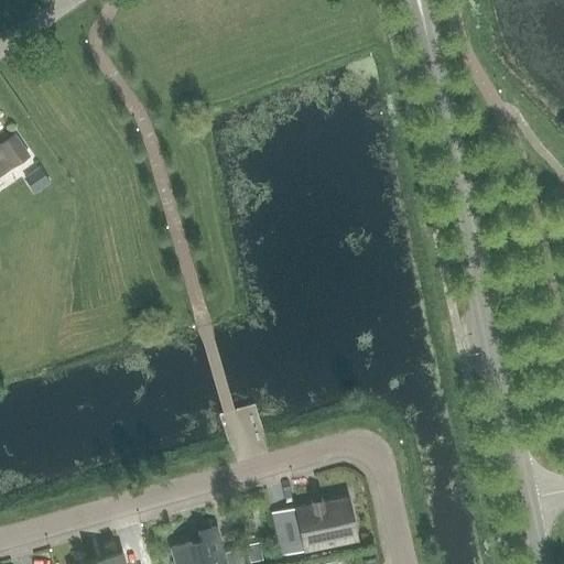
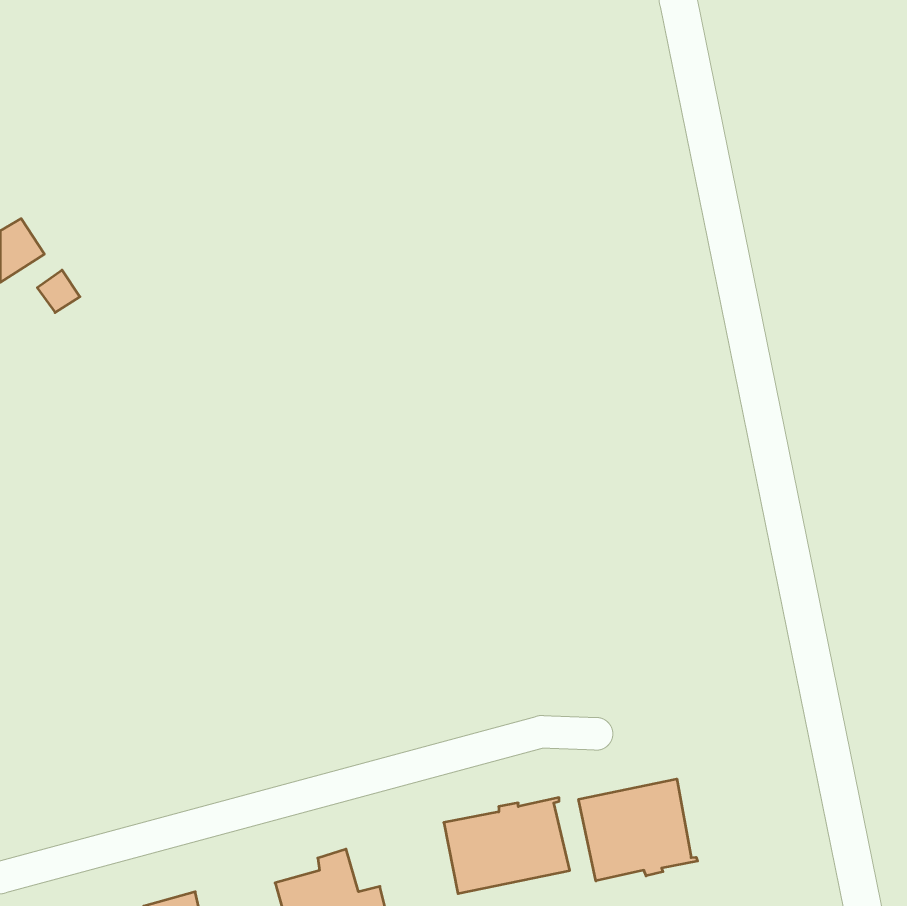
building: none -> [579,779,698,881]

